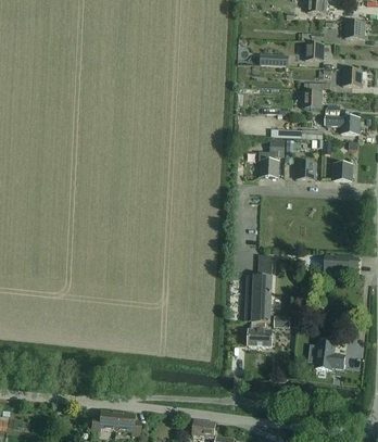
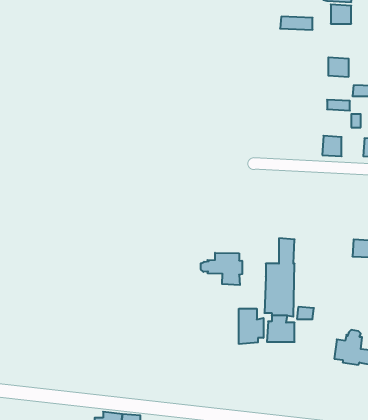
building: [261,138,286,176] -> none
building: none -> [201,253,242,285]
building: none -> [239,309,263,344]

